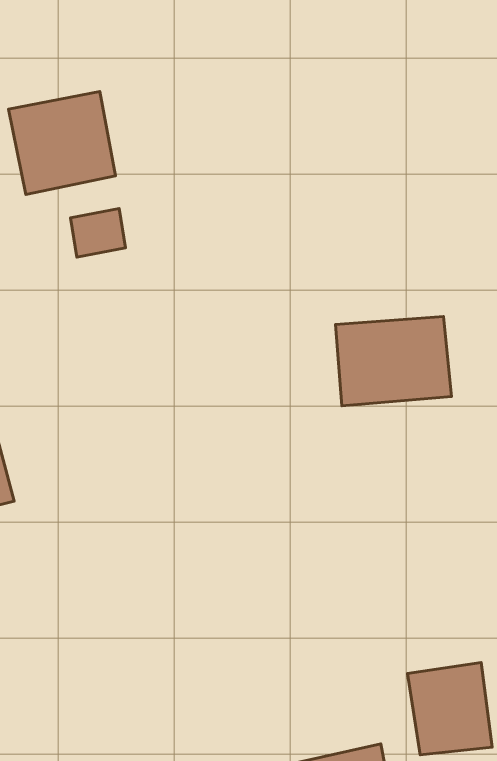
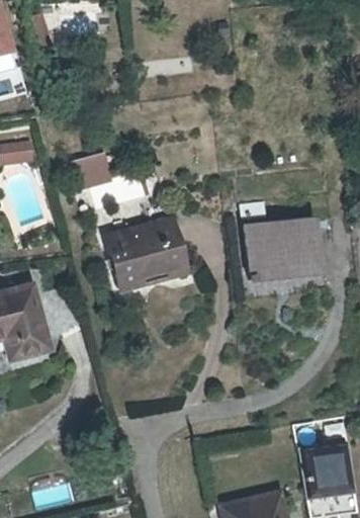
building: [9,91,115,195] -> none
building: none -> [110,225,188,289]

